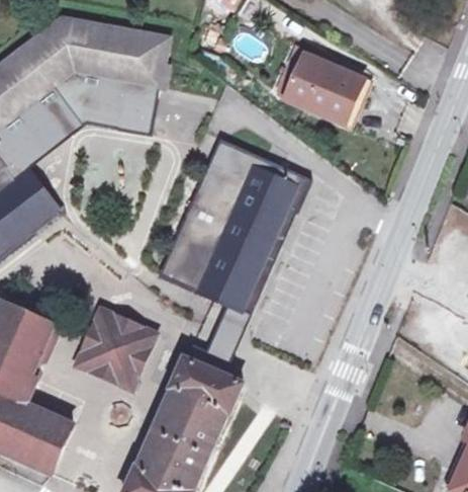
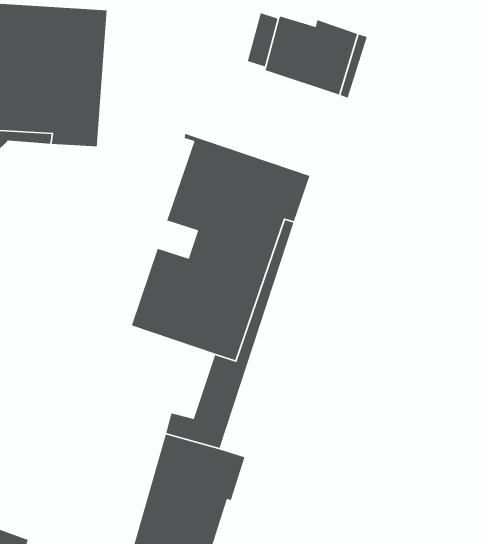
building: [158,139,227,273] -> none
building: [74,308,154,387] -> none

